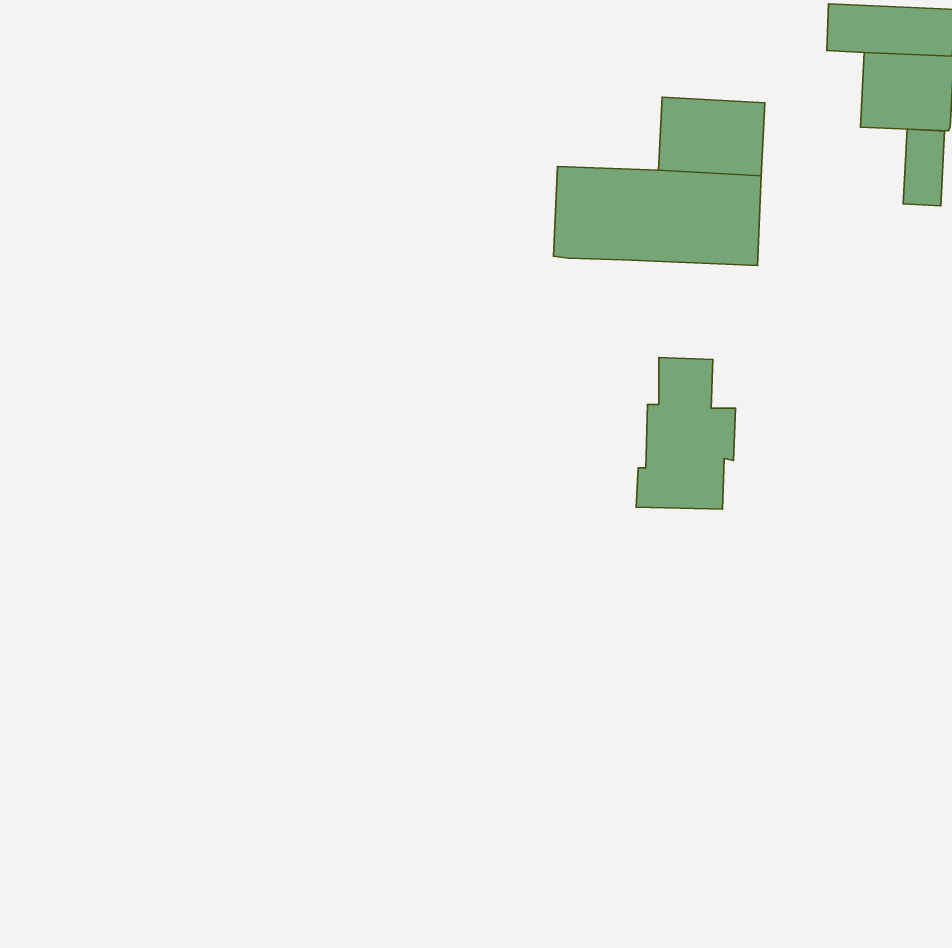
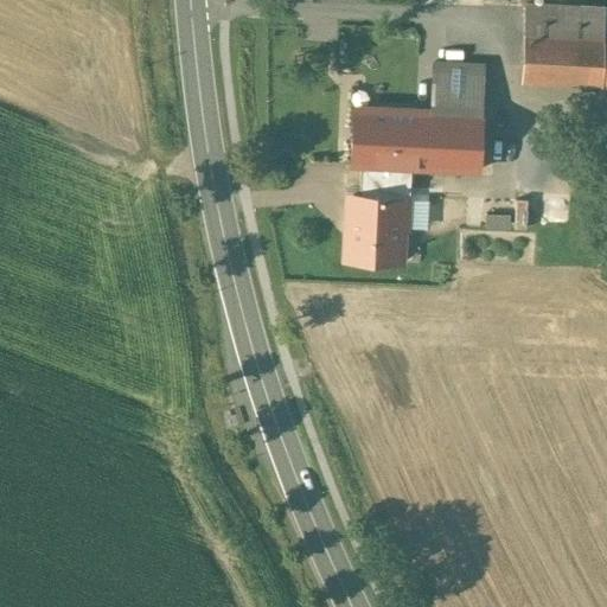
building: [903,129,944,206] -> [524,37,550,85]
building: [636,358,735,509] -> [349,168,411,264]

